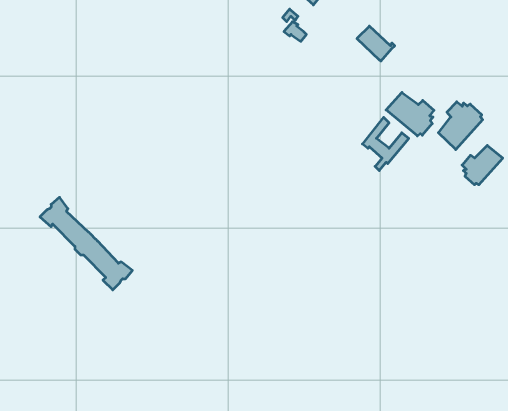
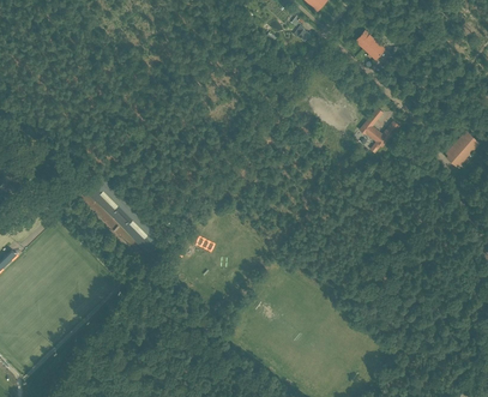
building: [386,92,434,136] -> none
building: [438,102,483,150] -> none

